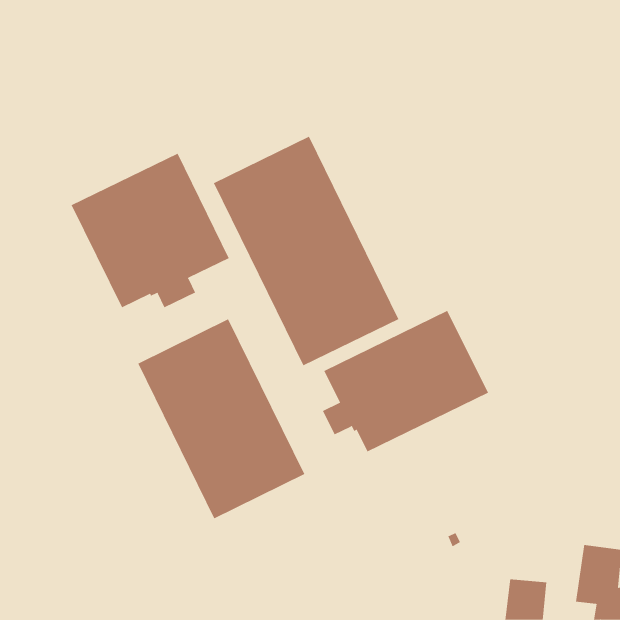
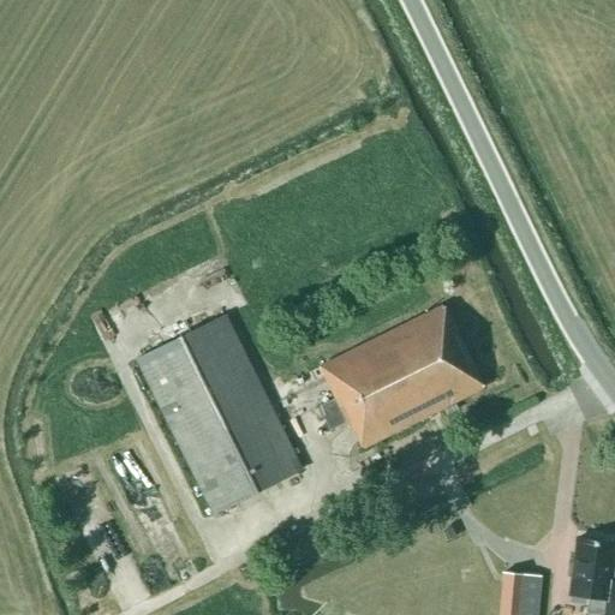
building: [213,136,399,366] -> none
building: [71,153,230,308] -> none

